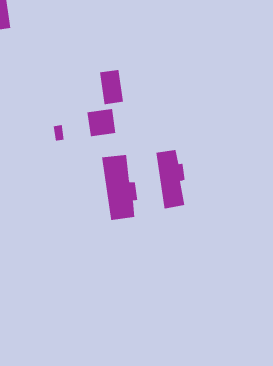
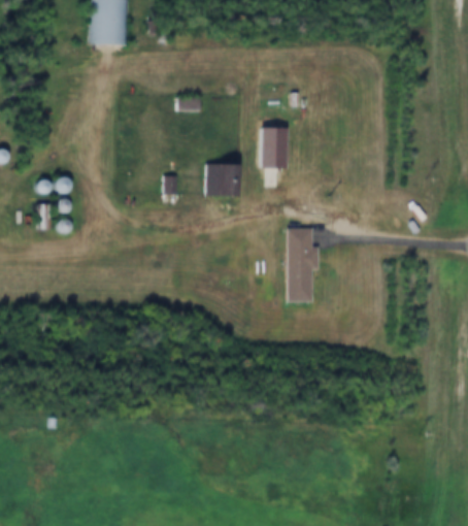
building: [99,69,124,105] -> [264,127,290,169]
building: [102,154,138,221] -> none

